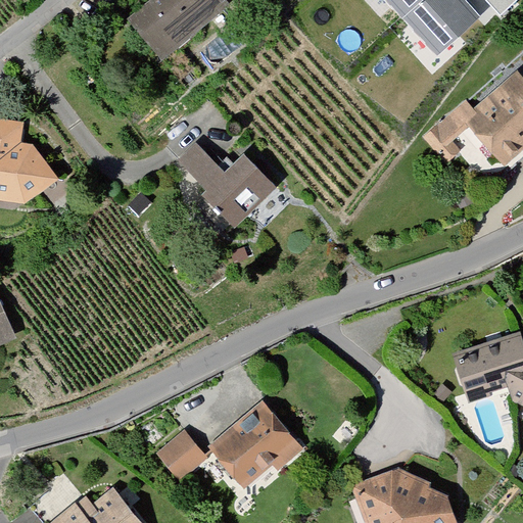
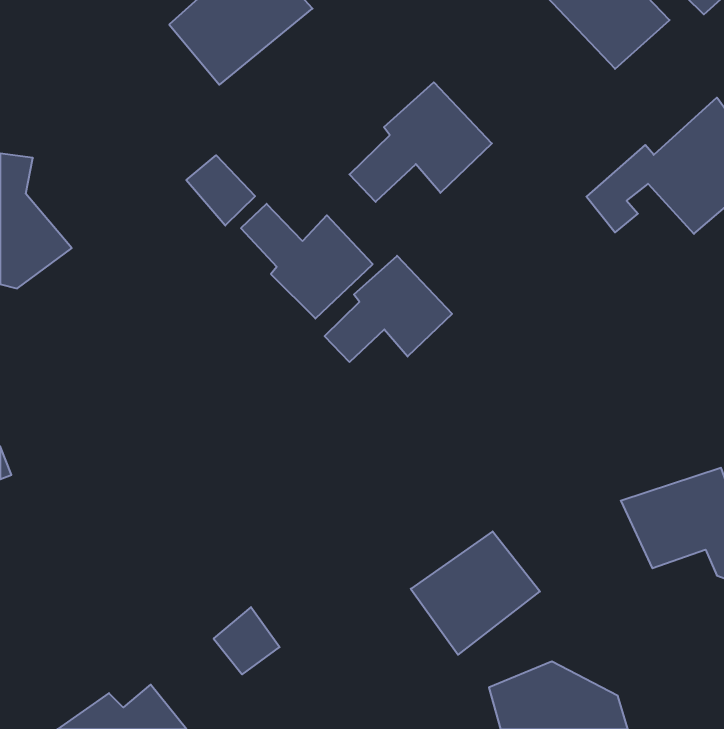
building: none -> [349,82,492,202]
building: none -> [186,155,255,226]
building: none -> [325,256,452,362]
building: [208,402,300,490] -> [411,531,540,655]

